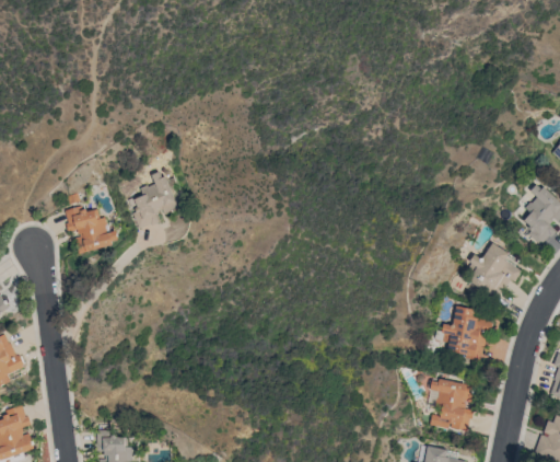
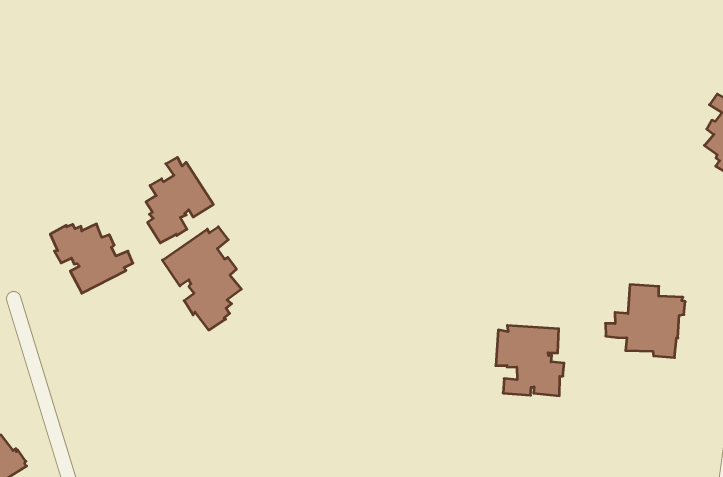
building: none -> [162,227,241,330]
building: [467,242,522,298] -> none
building: [427,378,474,431] -> [496,325,564,396]

